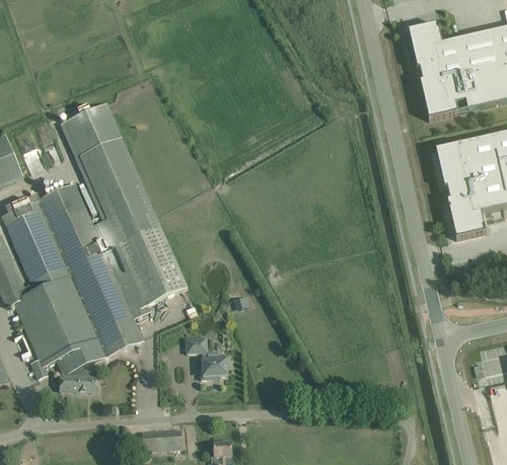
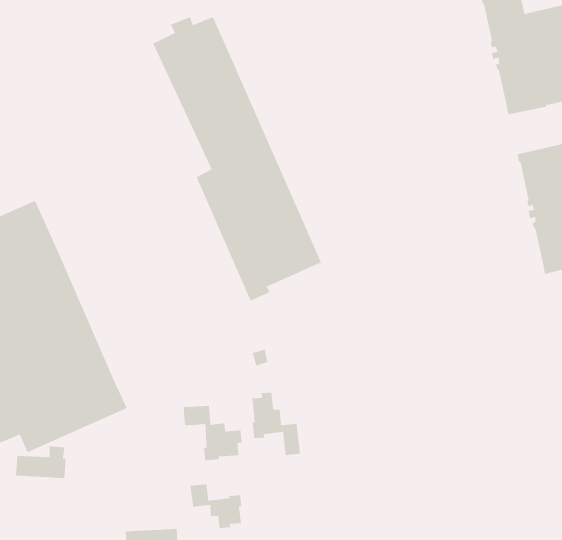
building: [60,102,187,316] -> [153,17,322,302]
building: none -> [252,392,301,456]
building: none -> [190,483,242,529]

